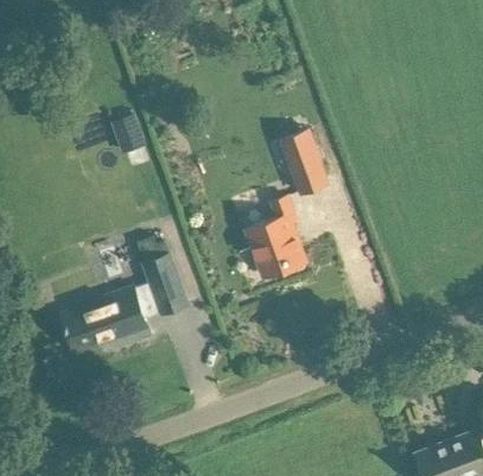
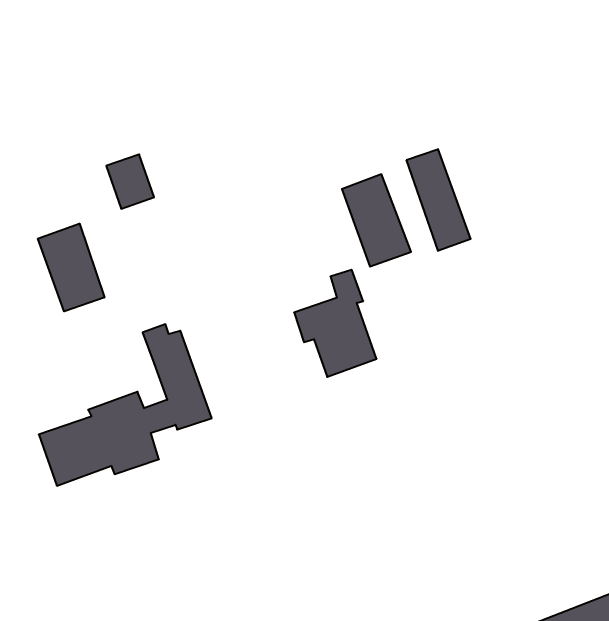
building: none -> [407,149,471,251]
building: none -> [38,224,104,311]

